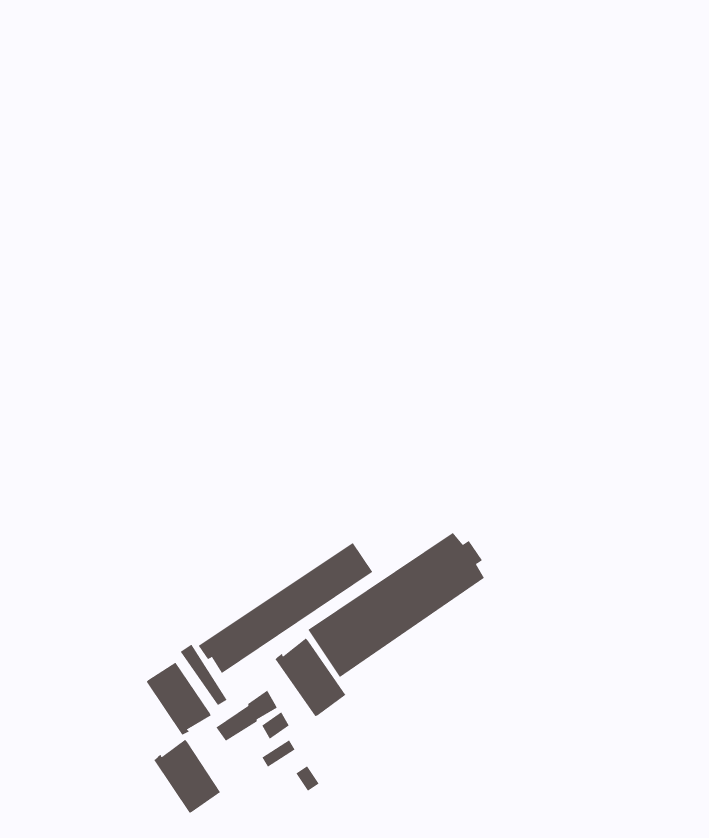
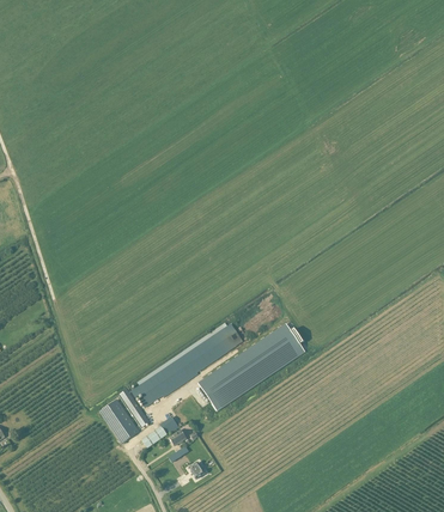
building: [275,637,346,717] -> none
building: [154,739,221,814] -> none

